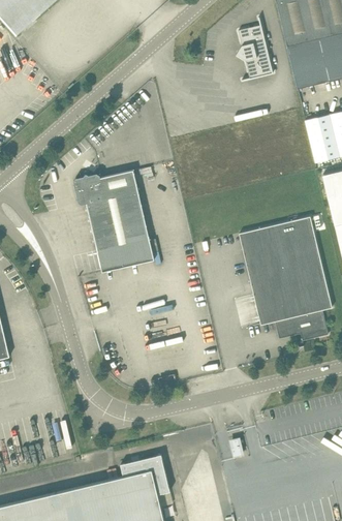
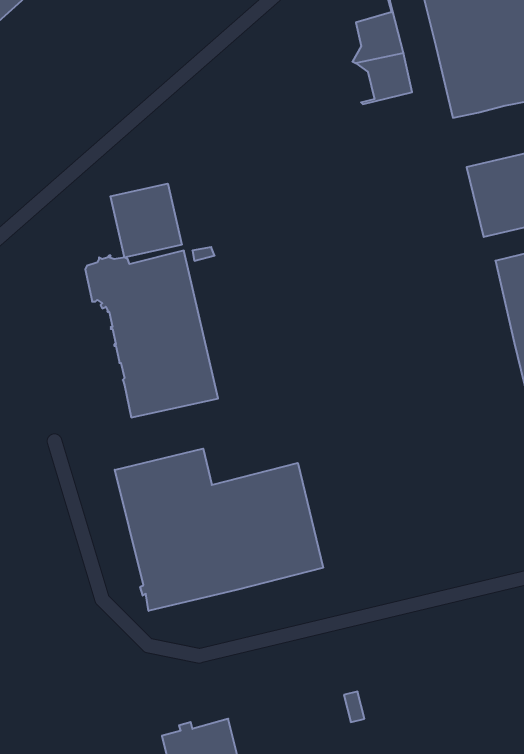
building: none -> [110,184,182,257]
building: [239,216,332,341] -> none
building: none -> [115,449,323,611]

